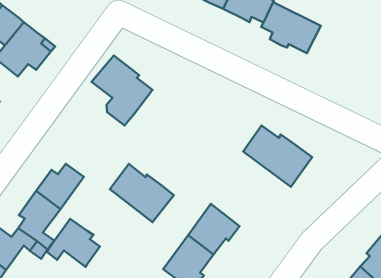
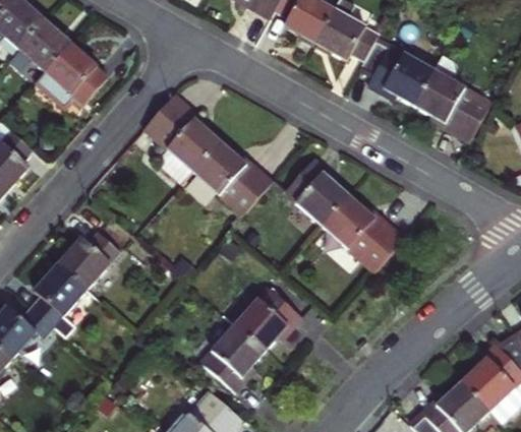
building: none -> [415,76,491,146]
building: none -> [287,157,351,225]
building: [110,164,174,222] -> [192,138,272,213]
building: [47,219,100,267] -> none

